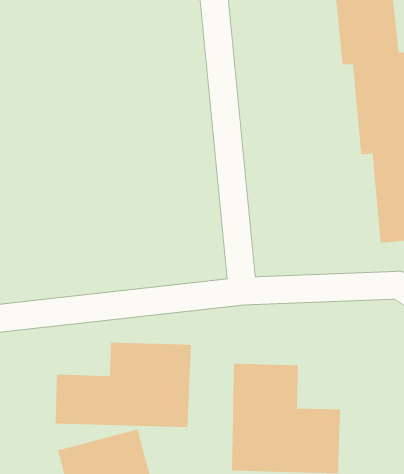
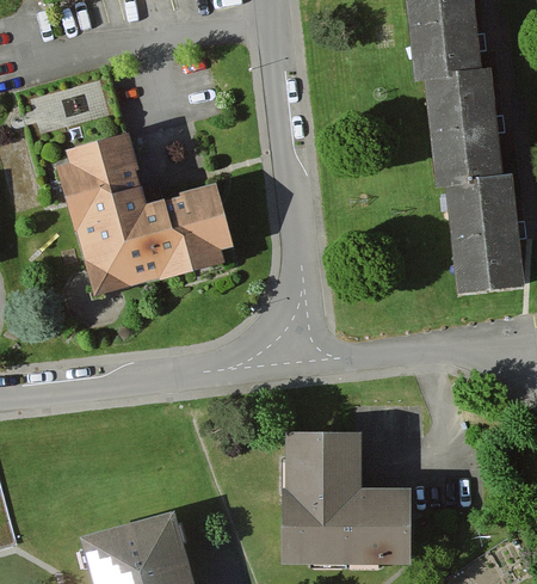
building: none -> [56,135,233,297]
building: [55,342,191,428] -> none

